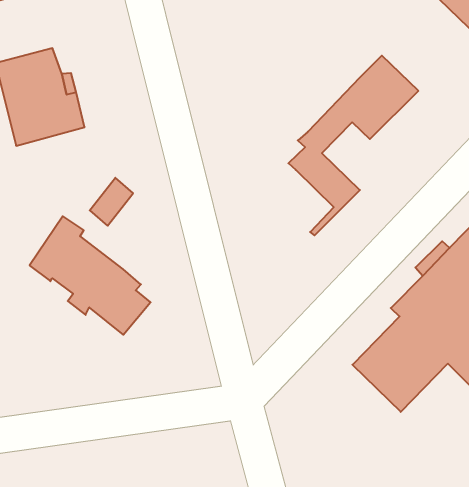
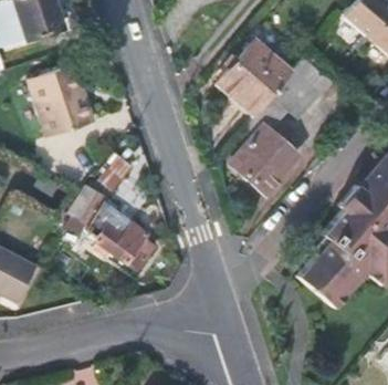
building: none -> [219,43,290,115]
building: none -> [233,143,277,186]

